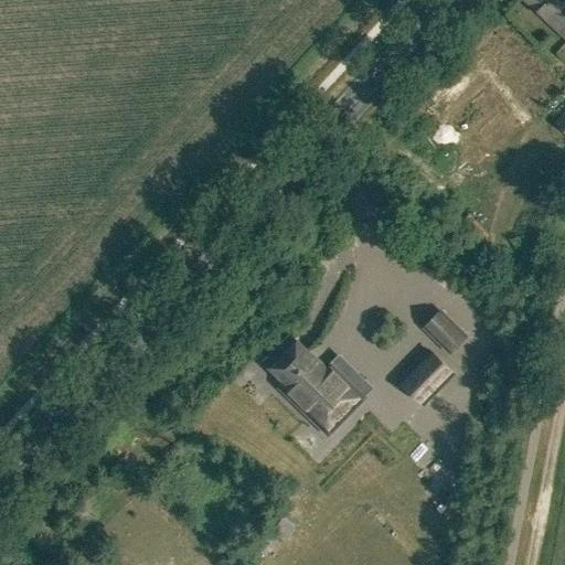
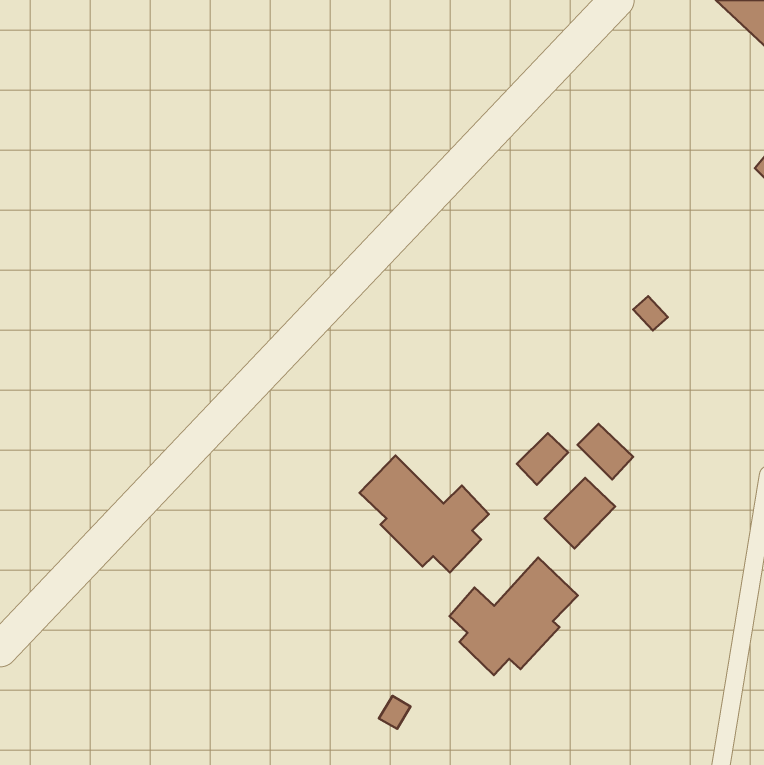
building: none -> [517,433,568,485]
building: none -> [450,558,578,675]

